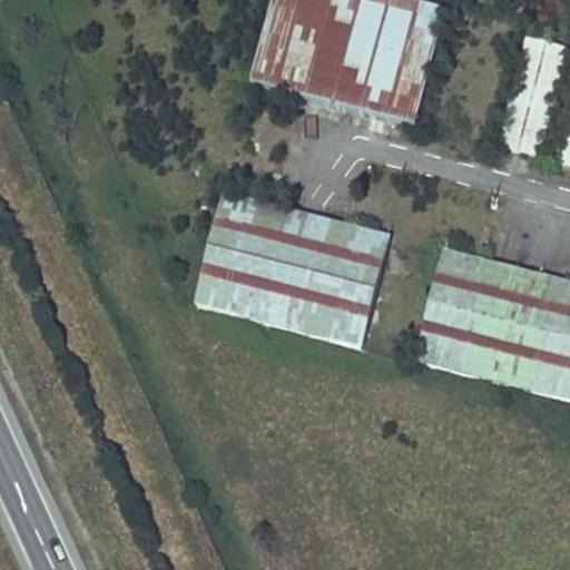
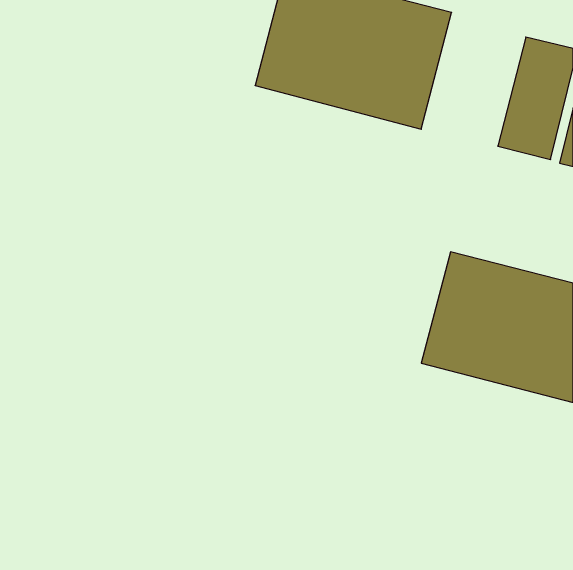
building: [197,193,384,344] -> none

